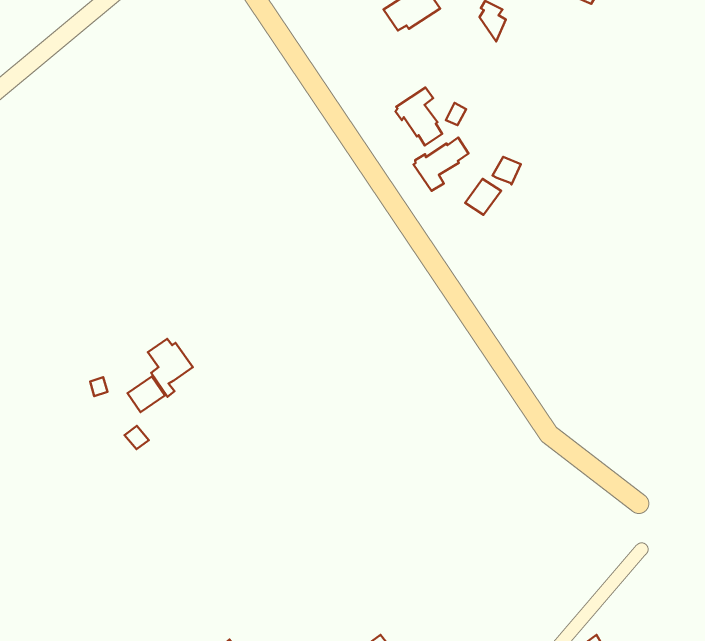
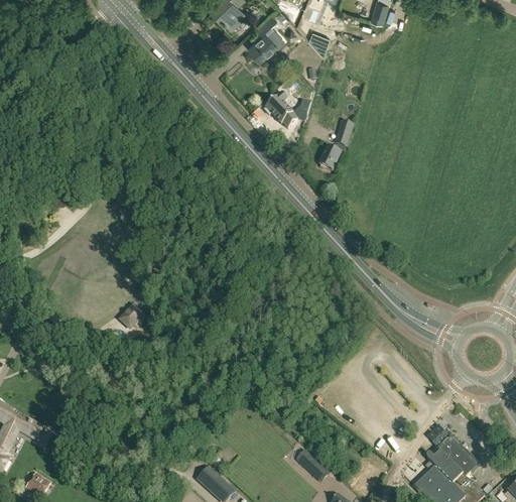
building: [414,138,469,191] -> none
building: [148,339,193,397] -> none

